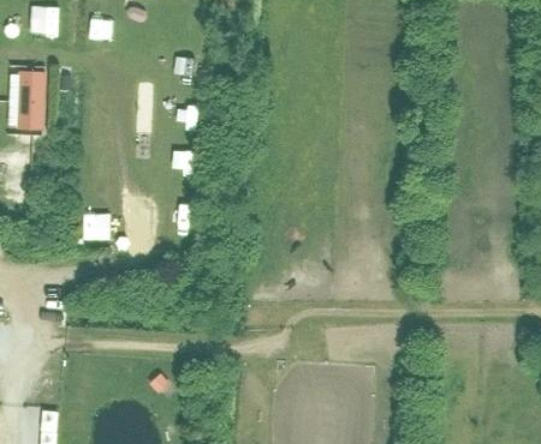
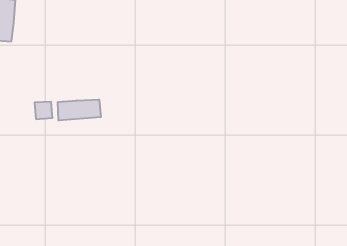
building: none -> [58,99,101,121]

